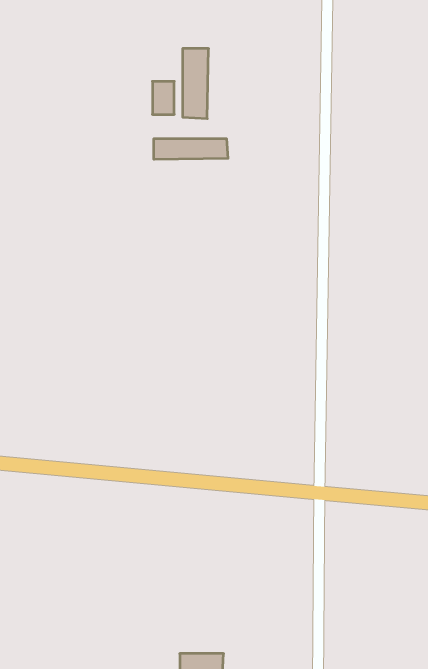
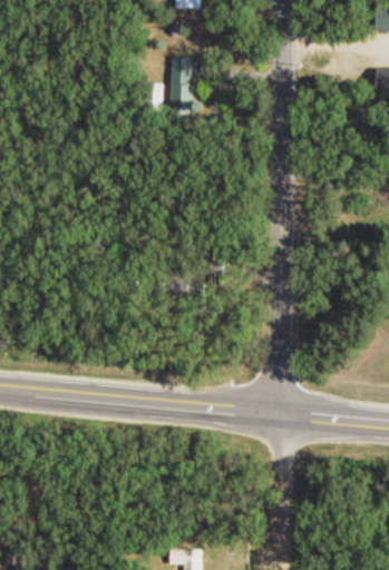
building: [154,139,228,159] -> none

